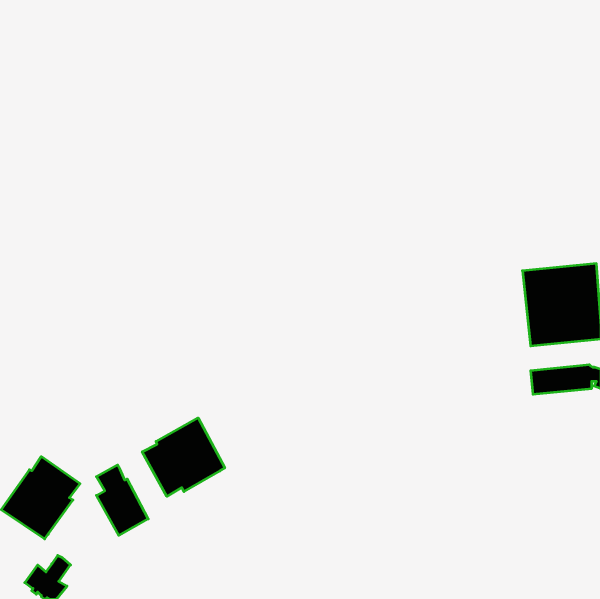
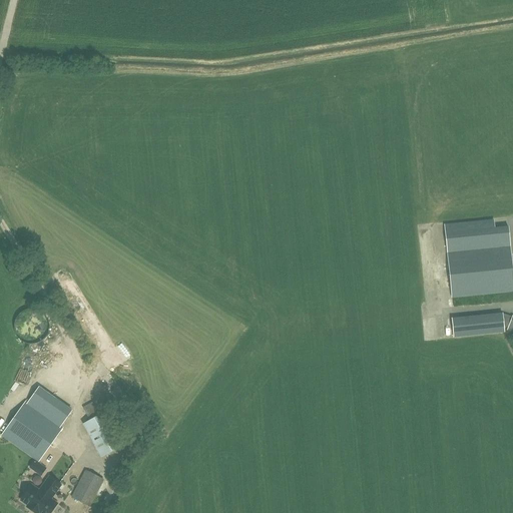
building: [142,418,225,496] -> none
building: none -> [72,469,104,504]

